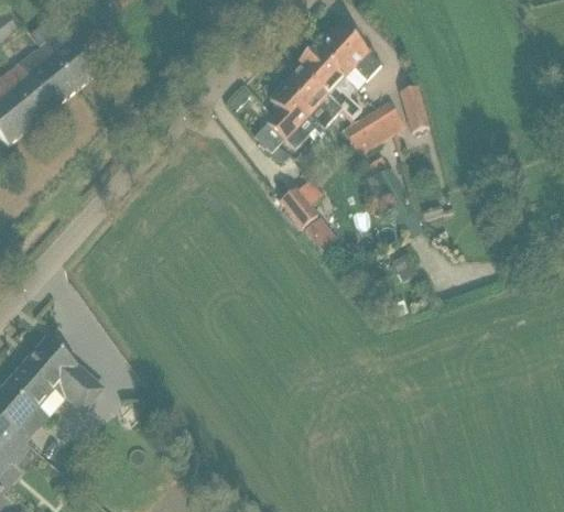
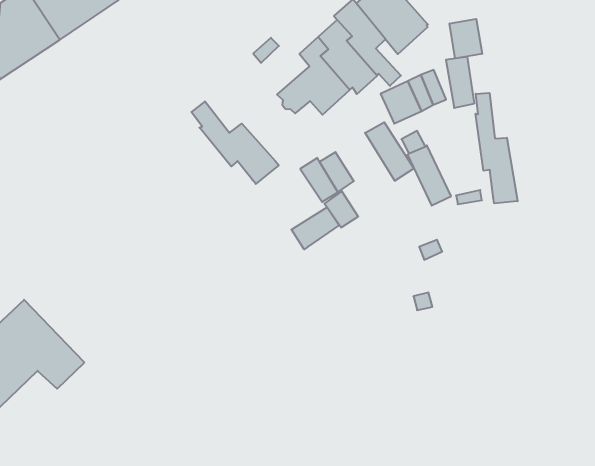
building: none -> [450,19,482,58]
building: none -> [476,93,518,203]
building: none -> [191,101,279,184]
building: none -> [365,122,414,181]
building: none -> [291,207,339,249]

